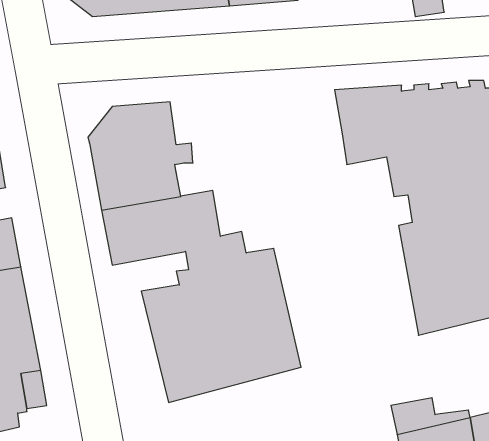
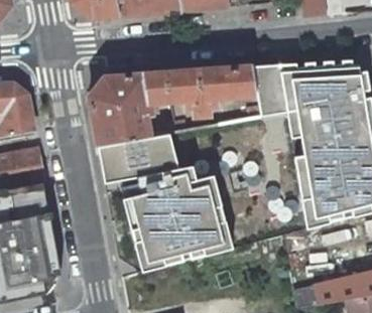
building: none -> [143,66,257,117]

